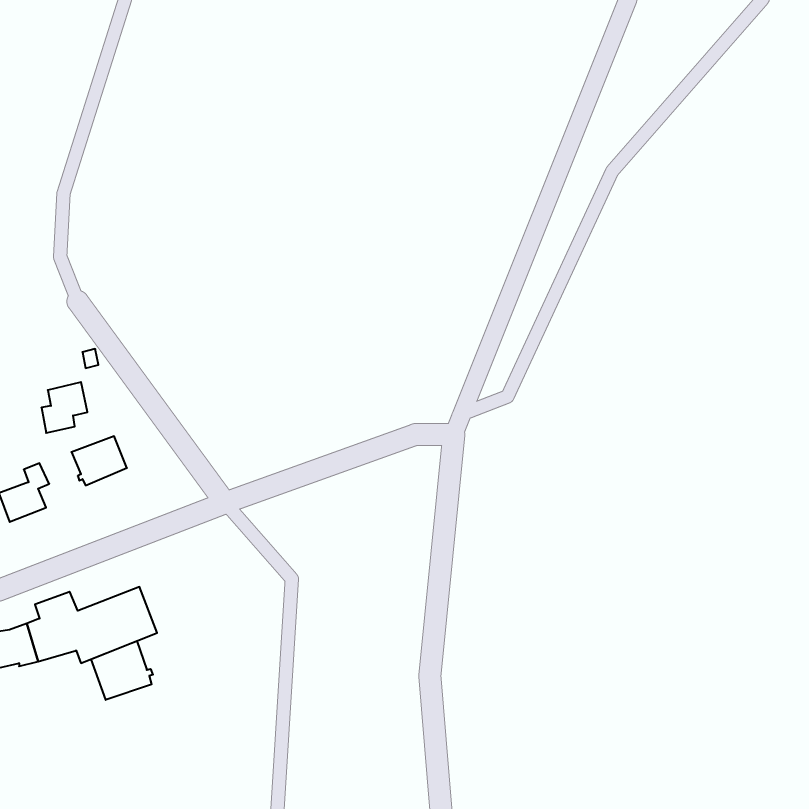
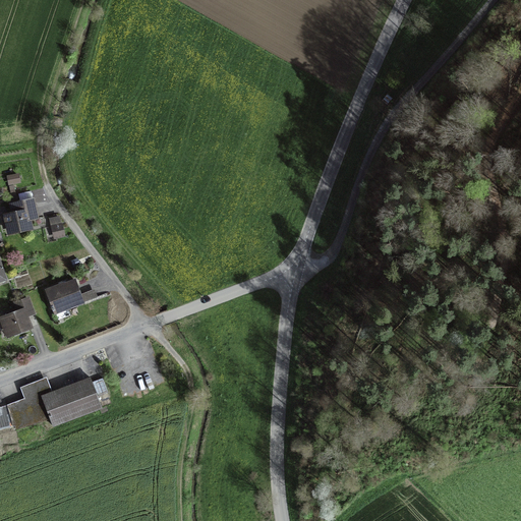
building: [41,382,87,433] -> [6,197,36,230]
building: [91,641,153,700] -> none

